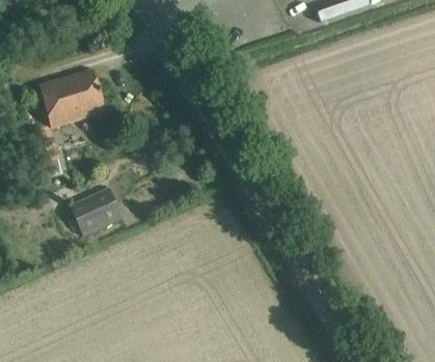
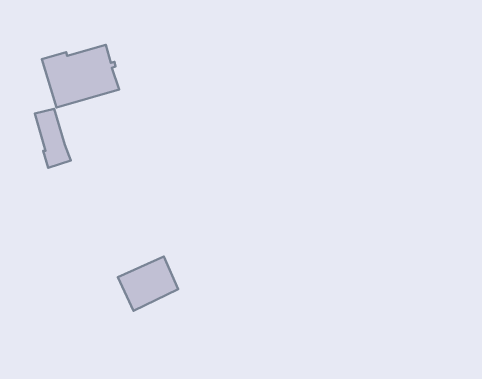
building: [71,189,123,235] -> [118,257,178,311]

